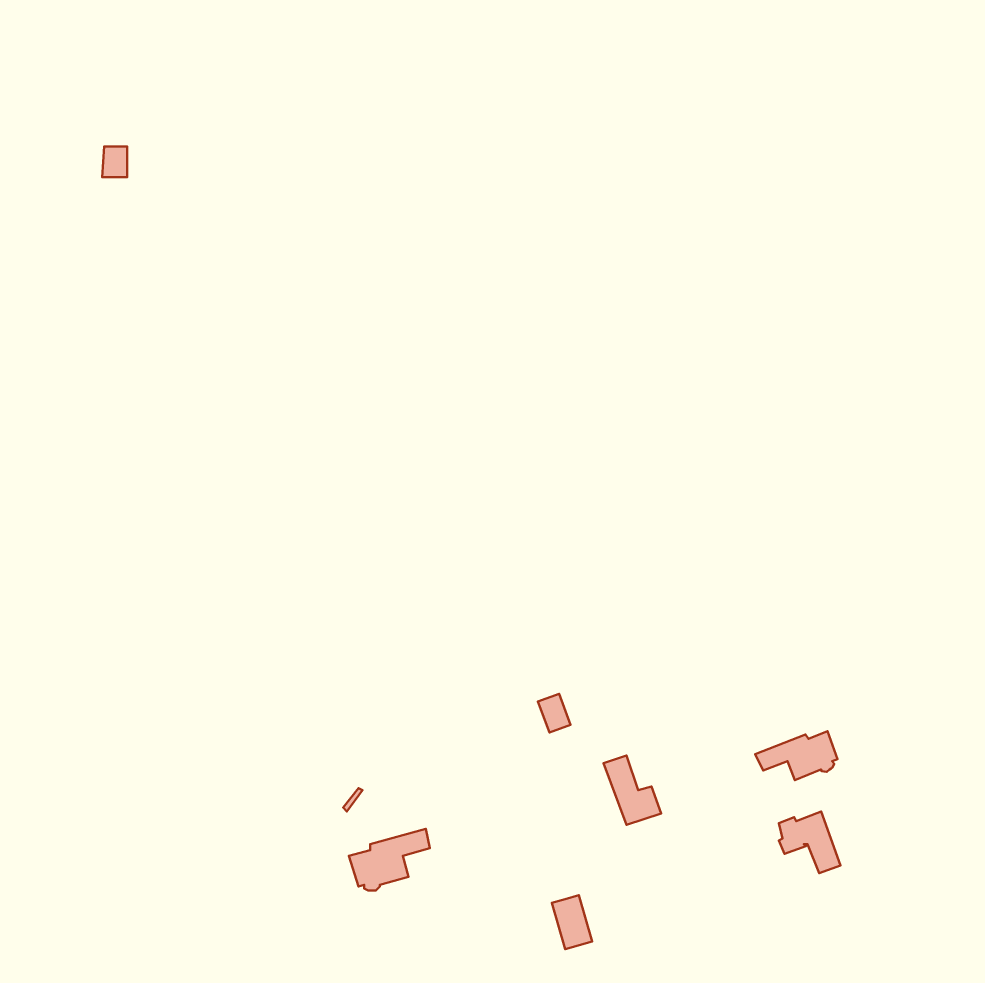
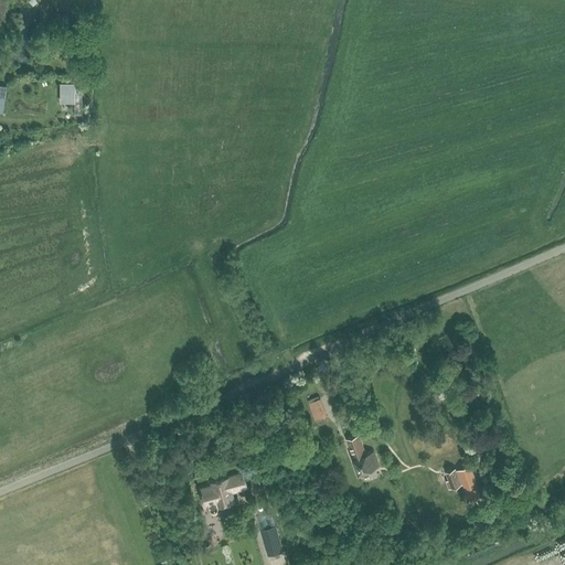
building: [755,731,838,780] -> none
building: [552,895,592,949] -> [260,526,284,557]

